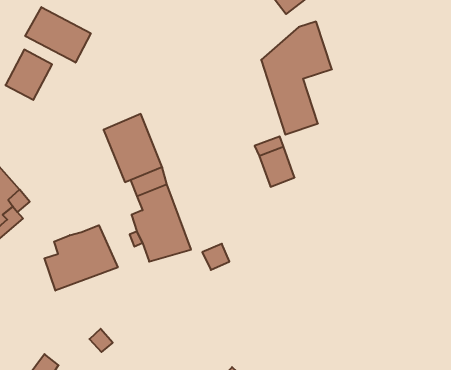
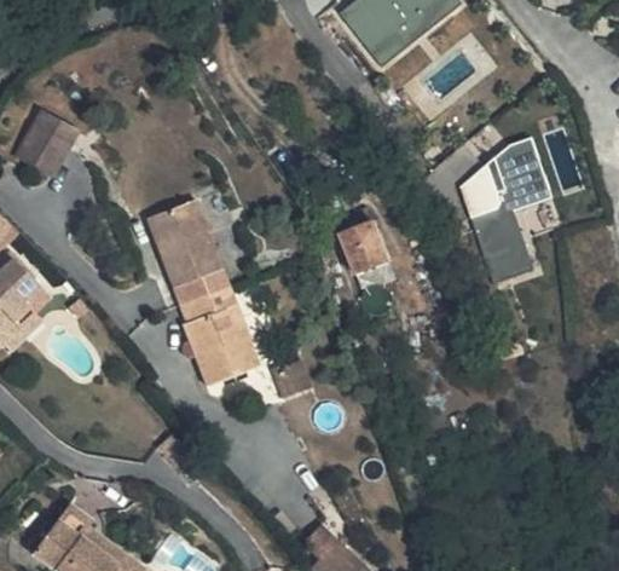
building: [25,7,91,63] -> none
building: [261,22,332,135] -> [461,137,553,283]
building: [44,225,118,291] -> none

